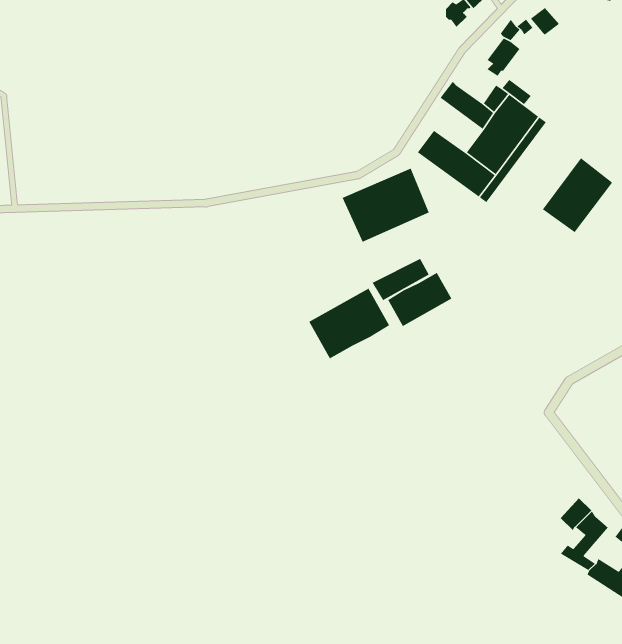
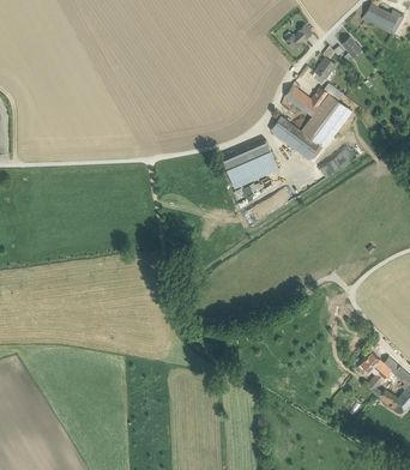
building: [542,157,613,233] -> none
building: [387,272,453,327] -> none
building: [308,288,390,359] -> none

